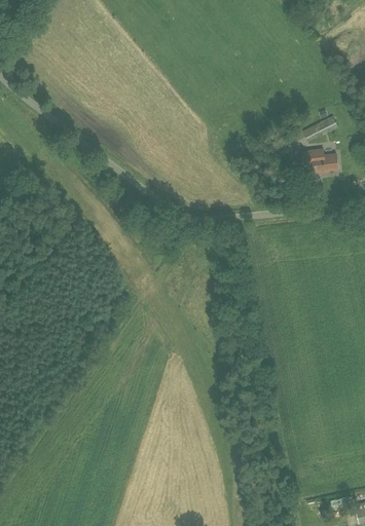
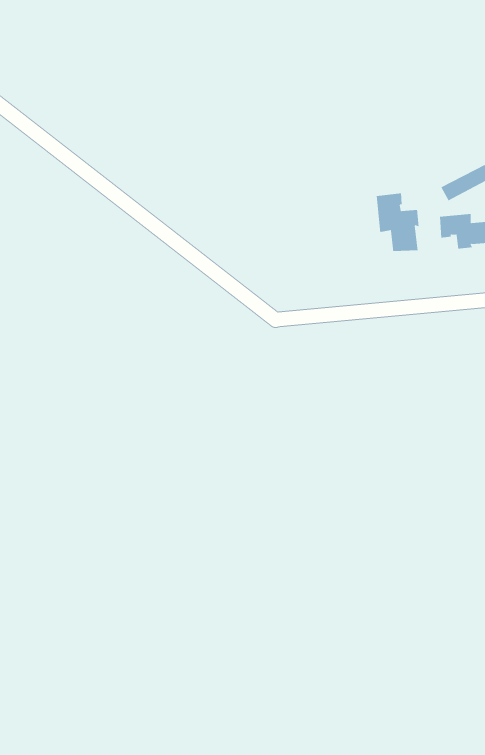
building: none -> [376,192,419,252]

